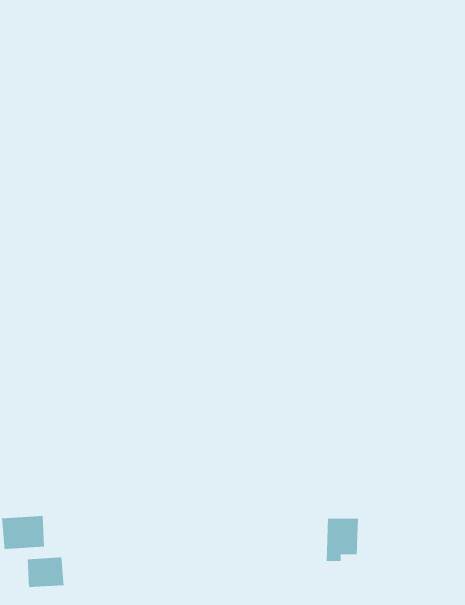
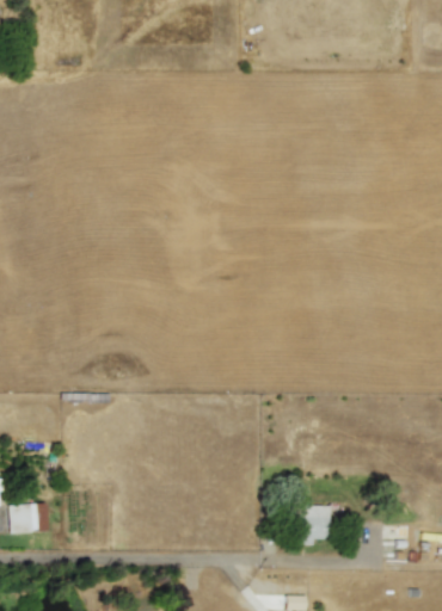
building: [27,557,65,588] -> none

